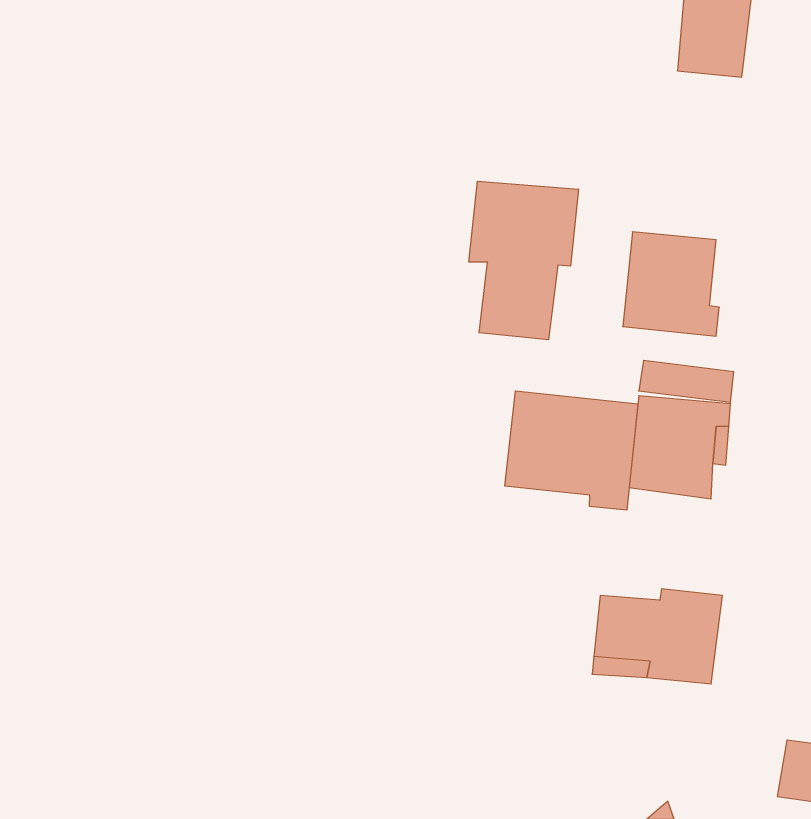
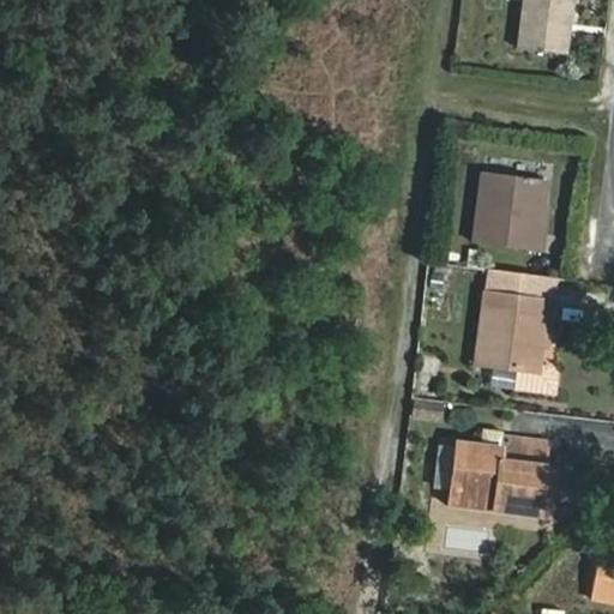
building: [469,181,578,340] -> none
building: [505,391,638,510] -> none

